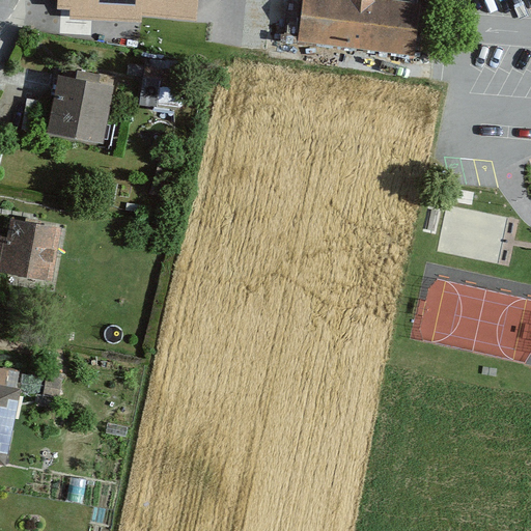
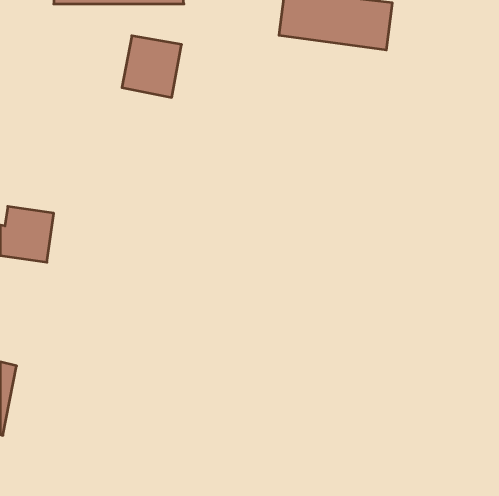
building: [47,75,110,140] -> [122,36,182,97]

